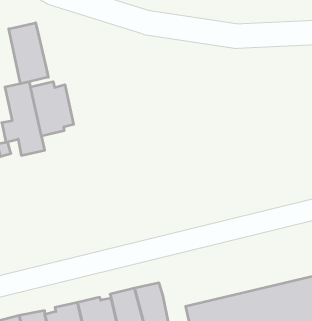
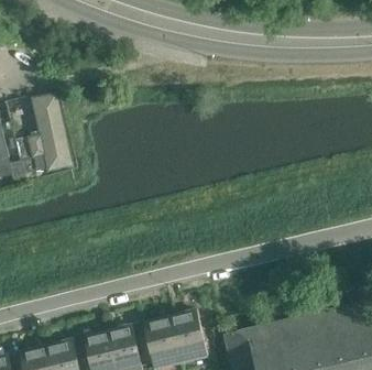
building: [9,23,48,84] -> none
building: [31,82,74,136] -> none

